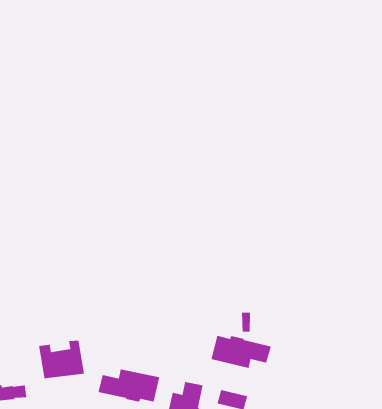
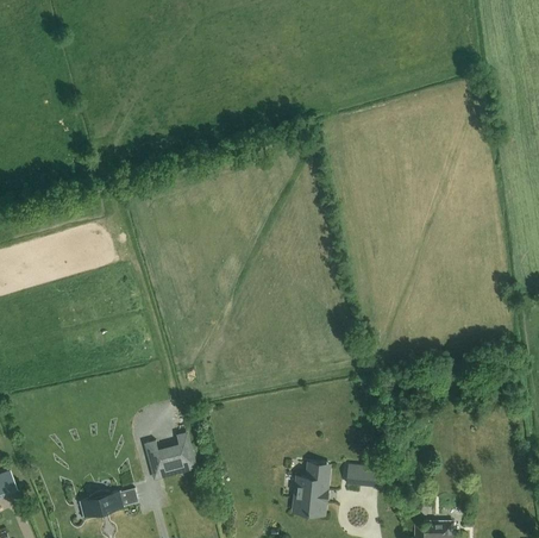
building: [210,335,272,369] -> none
building: [97,368,160,403] -> none

